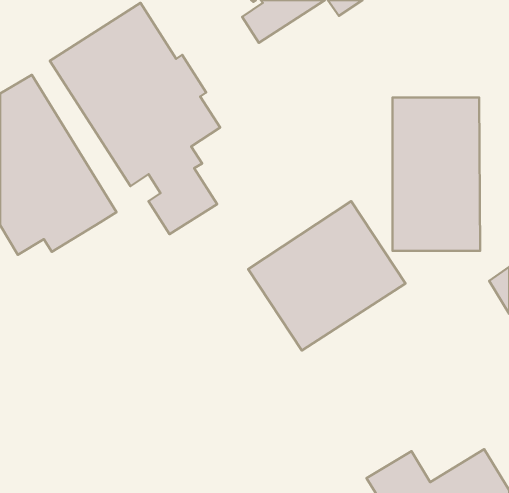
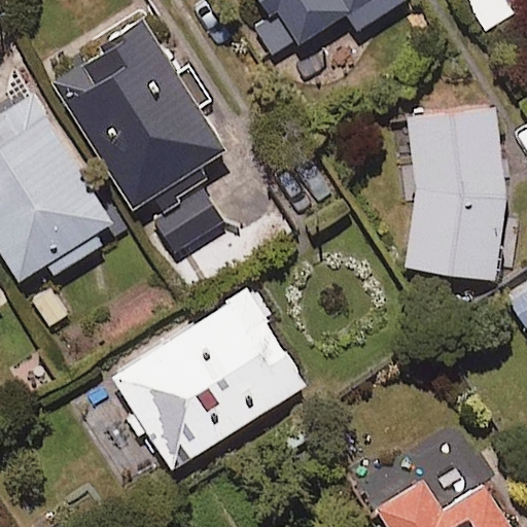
building: [248,201,405,351] -> none
building: none -> [114,289,308,468]

